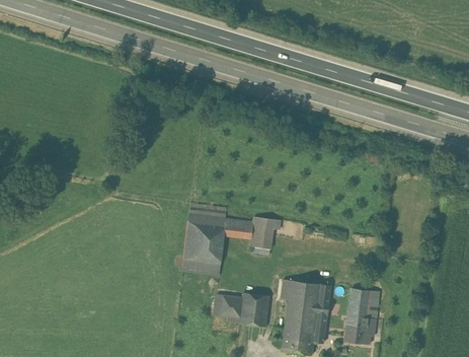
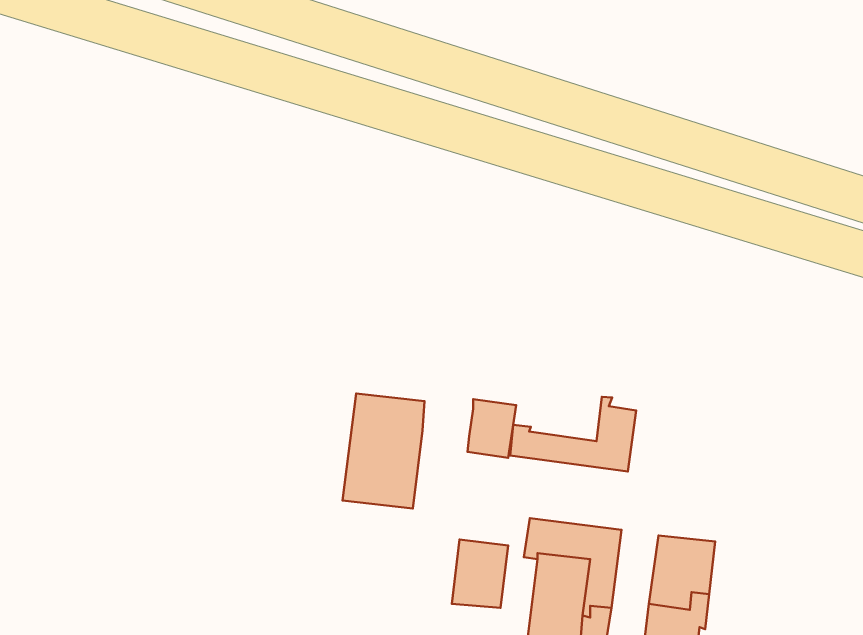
building: none -> [510,397,636,472]
building: [227,218,253,236] -> none
building: [213,291,243,317] -> none

